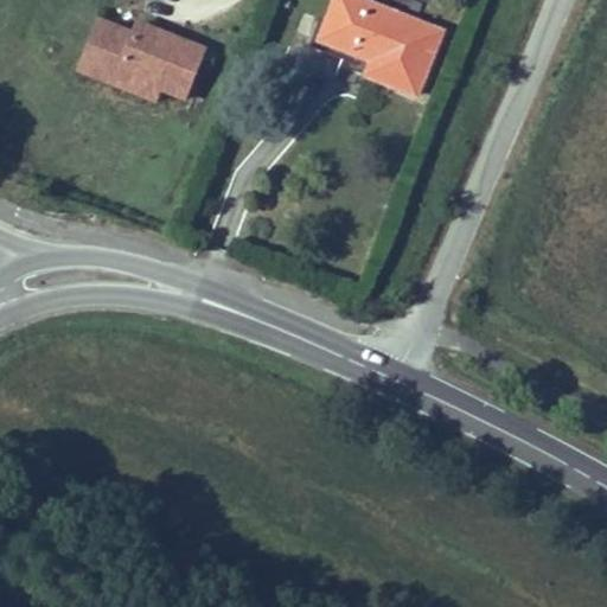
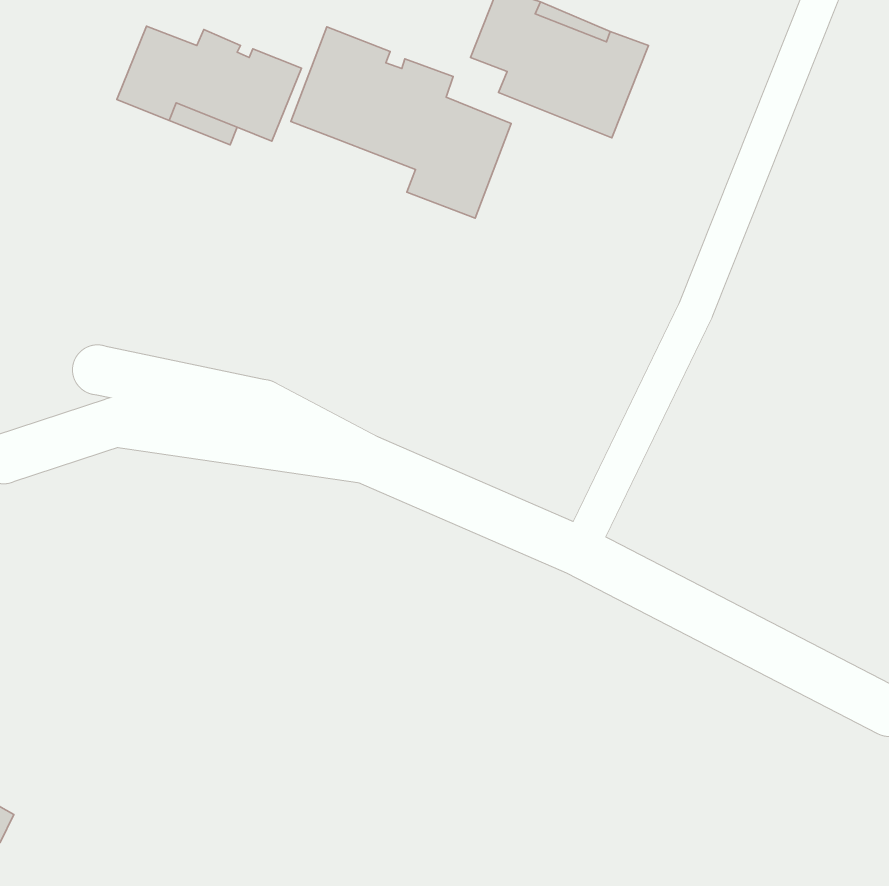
building: none -> [291,27,511,218]

